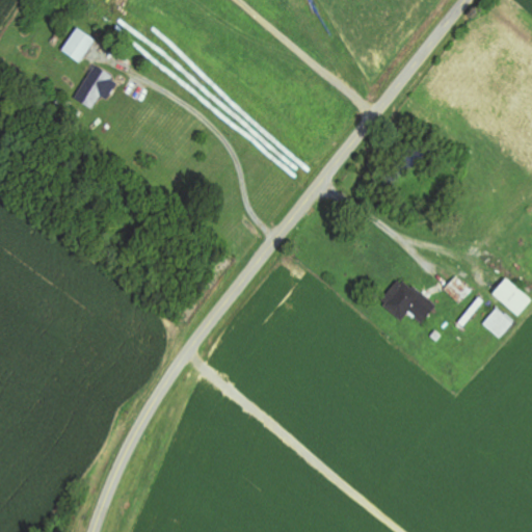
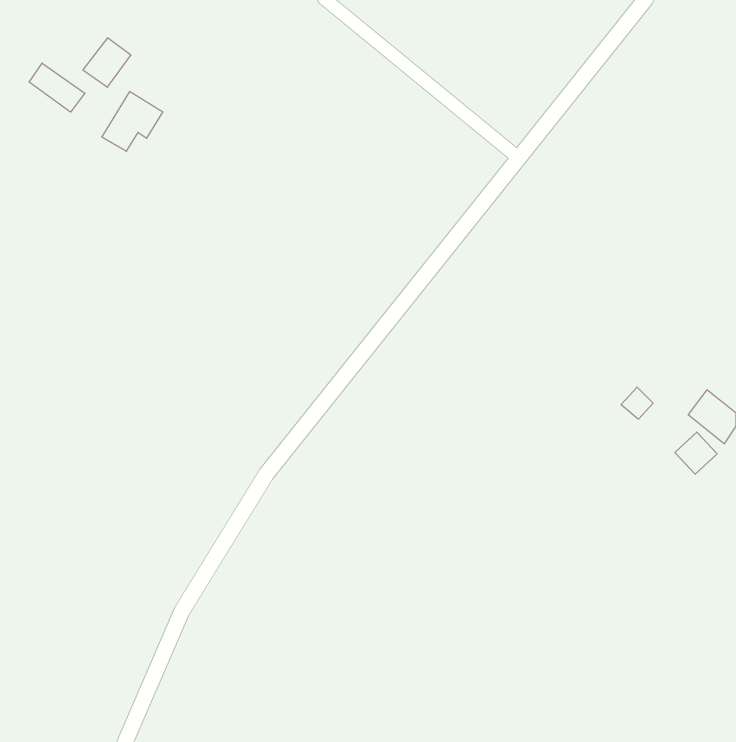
building: none -> [29,63,85,112]
building: [380,278,432,322] -> none

